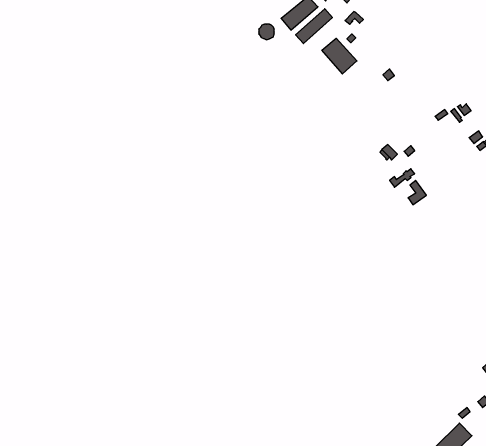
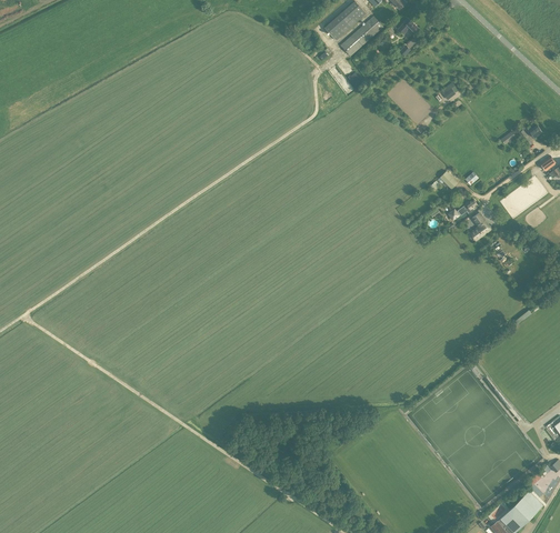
building: [322,38,357,74] -> none

